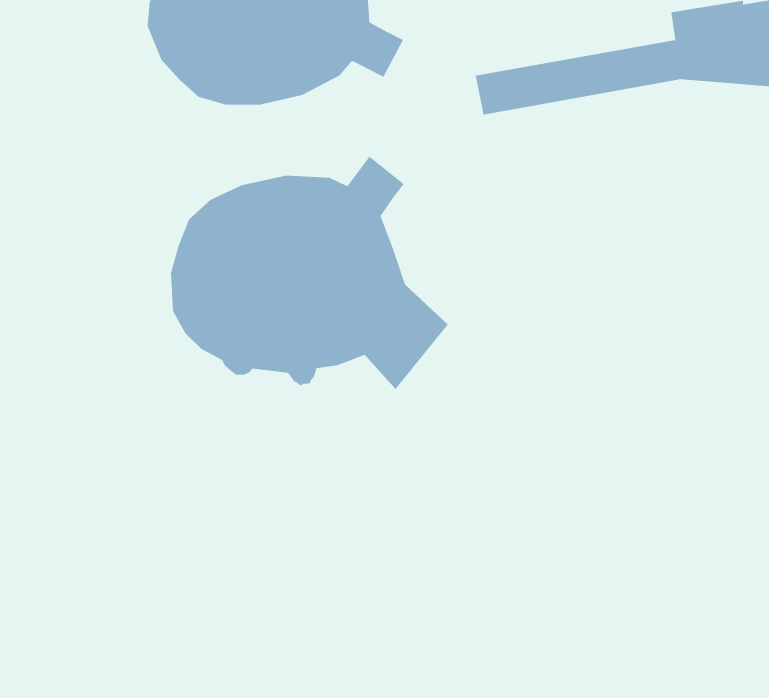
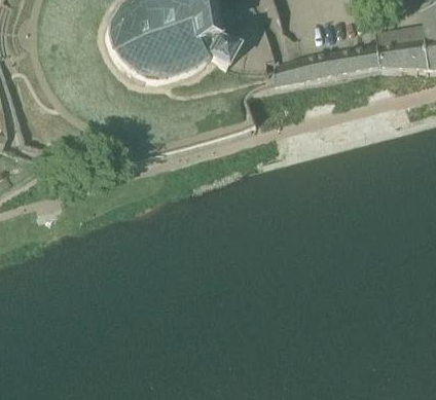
building: [170,156,448,390] -> none

